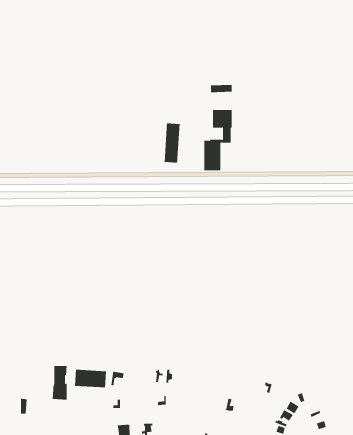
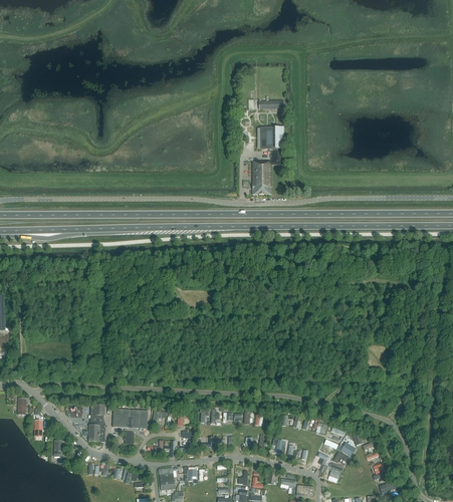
building: [164,123,180,164] -> none

